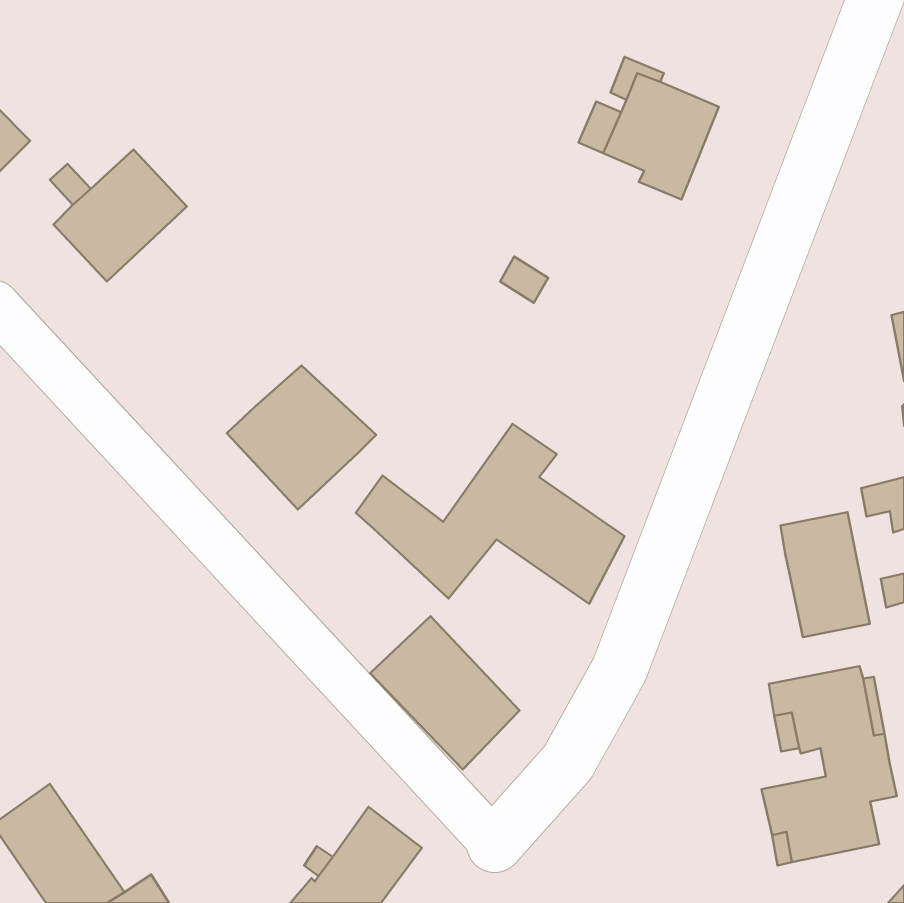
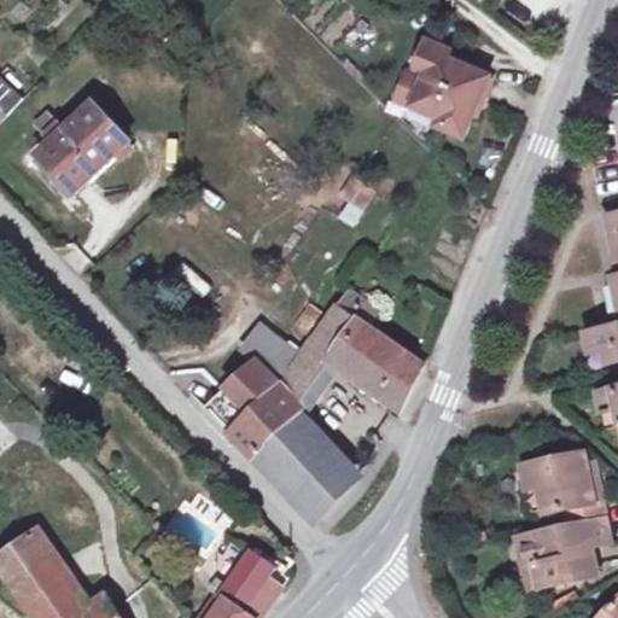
building: [227,365,376,510] -> [203,358,304,456]
building: [780,512,870,637] -> none

